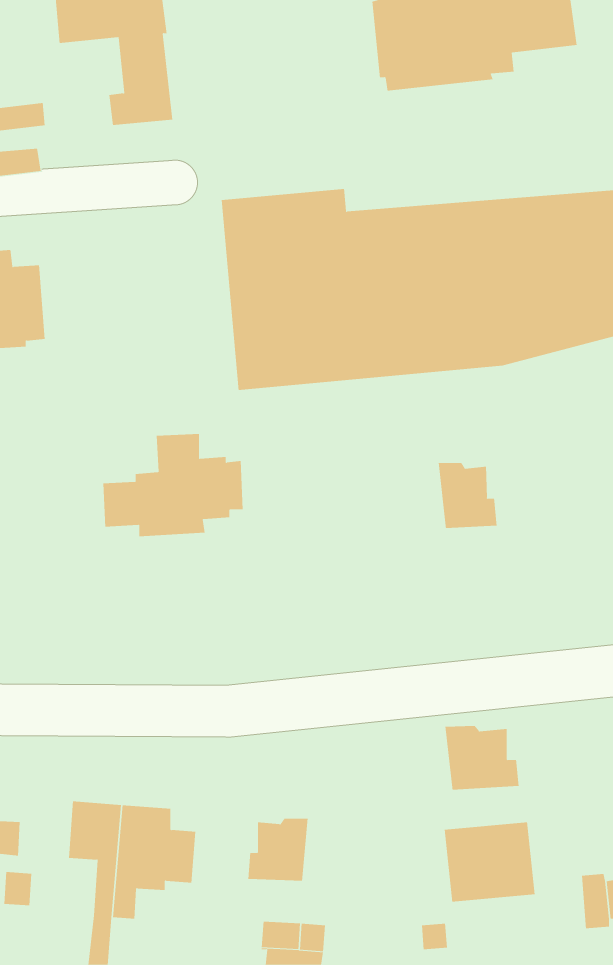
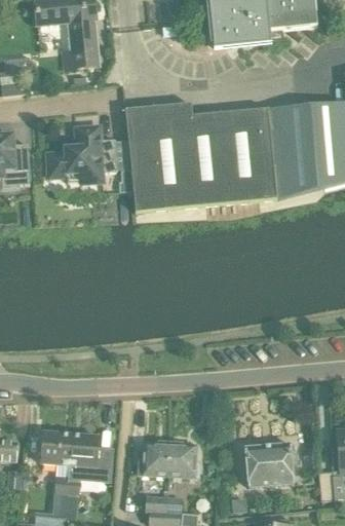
building: [102,434,244,537] -> [47,126,123,182]
building: [438,462,497,529] -> none
building: [445,725,519,790] -> none
building: none -> [168,441,198,477]

